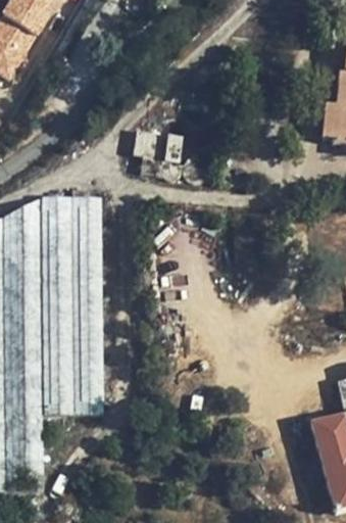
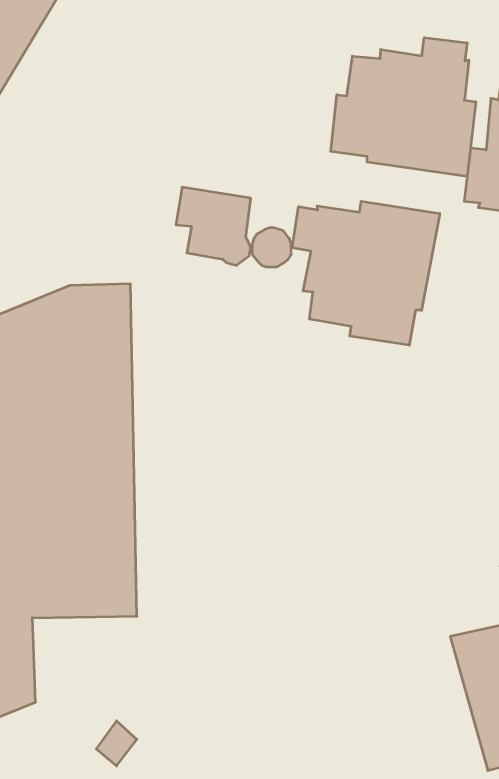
building: none -> [331,38,476,176]
building: none -> [292,201,440,345]

